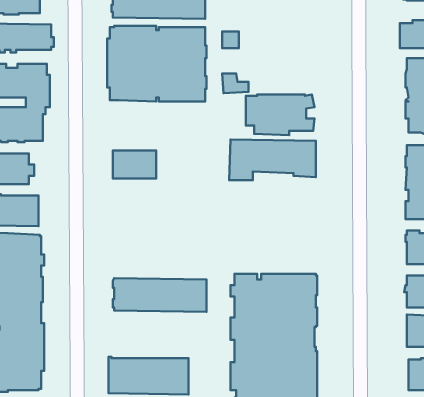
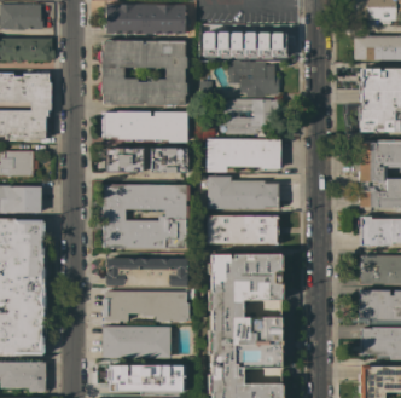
building: none -> [233,24,281,56]
building: none -> [228,62,285,97]
building: none -> [103,111,187,142]
building: none -> [151,148,188,173]
building: none -> [208,175,280,209]
building: none -> [104,184,190,248]
building: none -> [208,215,280,244]
building: none -> [104,289,196,321]

